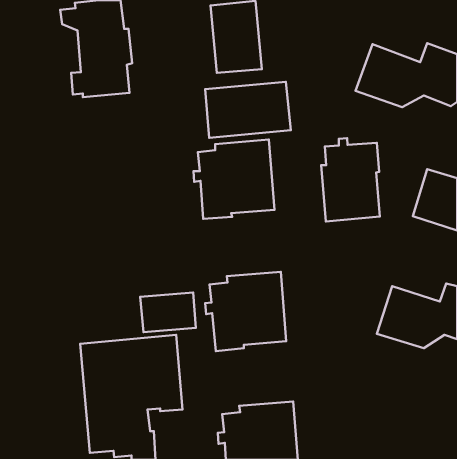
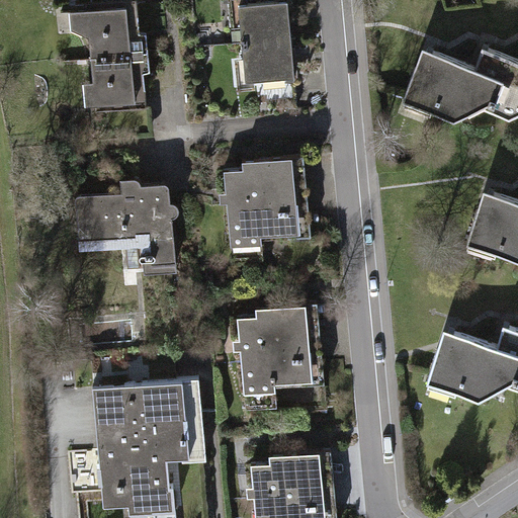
building: [205,82,291,138] -> none
building: [321,138,380,221] -> none
building: none -> [73,179,178,275]
building: [140,293,196,332] -> none

